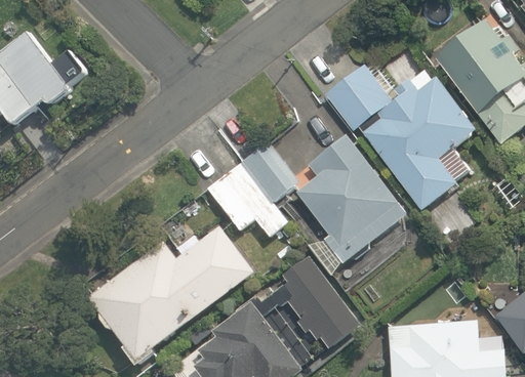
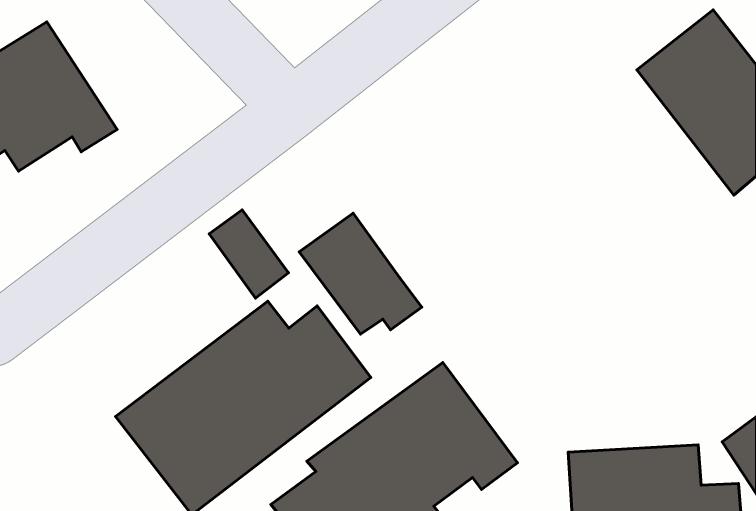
building: [325,64,476,210] -> none
building: [295,136,414,286] -> none
building: [243,142,297,203] -> [209,210,288,298]

